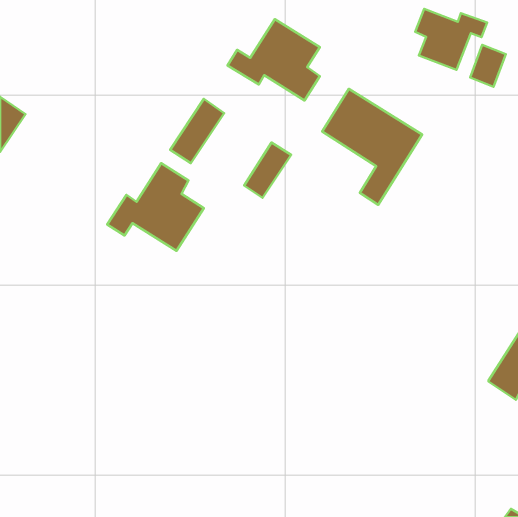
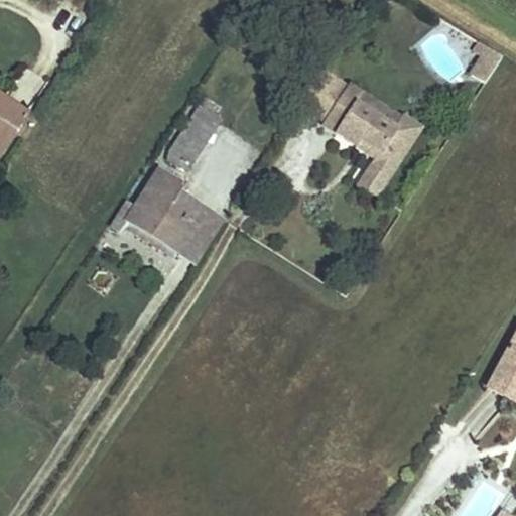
building: [415,9,487,70] -> none
building: [228,19,320,101] -> none
building: [244,143,291,198] -> [177,206,224,260]

